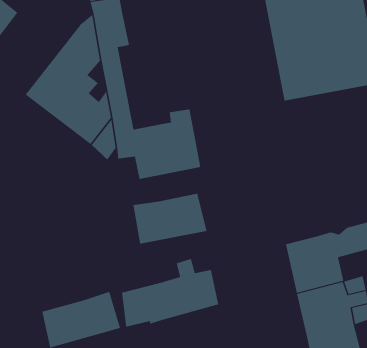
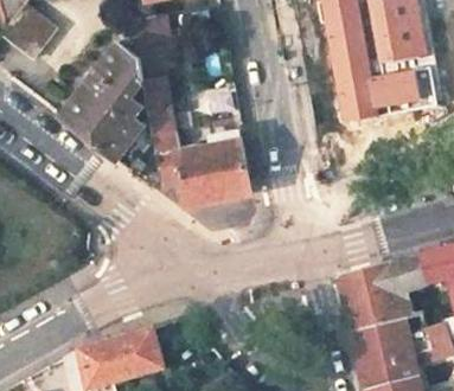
building: [133,193,207,244] -> none
building: [121,258,219,327] -> none

